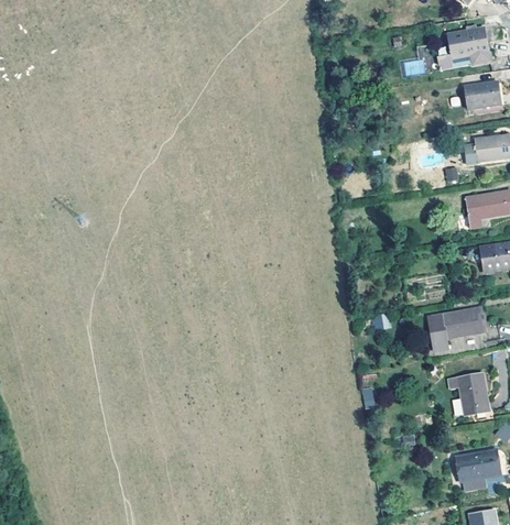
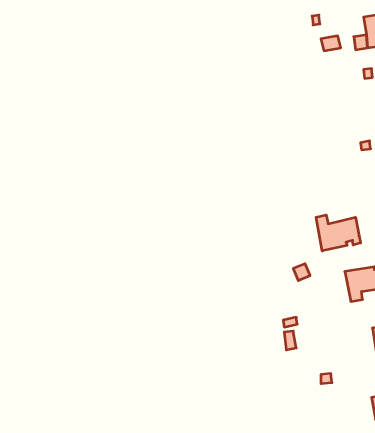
building: none -> [316,215,361,251]

